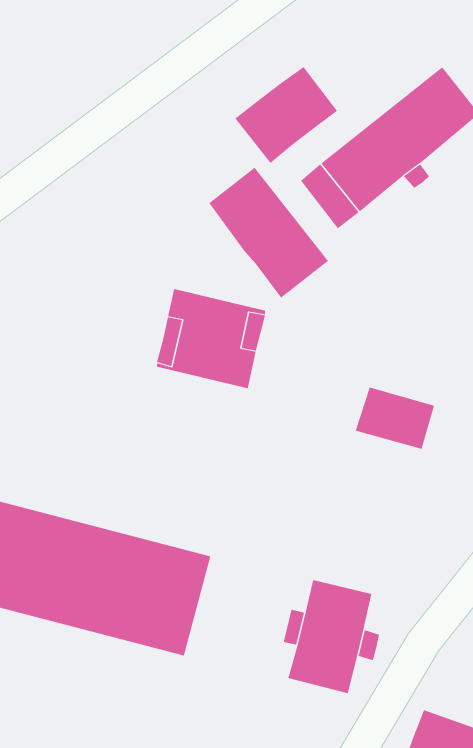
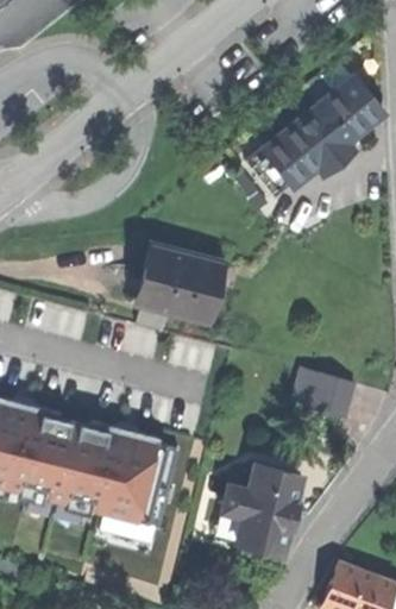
building: [234,66,338,164] -> none
building: [209,167,329,298] -> none
building: [355,387,435,449] -> [293,370,353,417]

